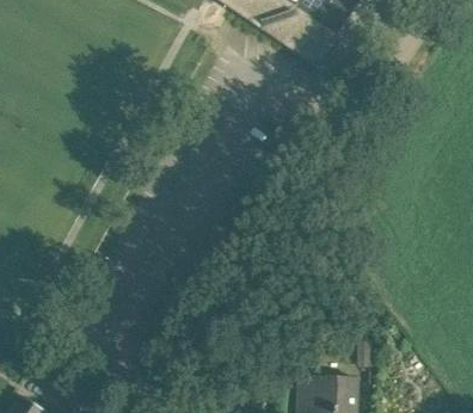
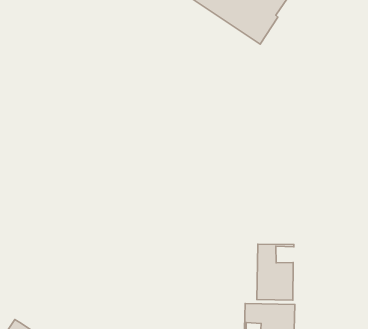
building: none -> [257,244,294,300]

